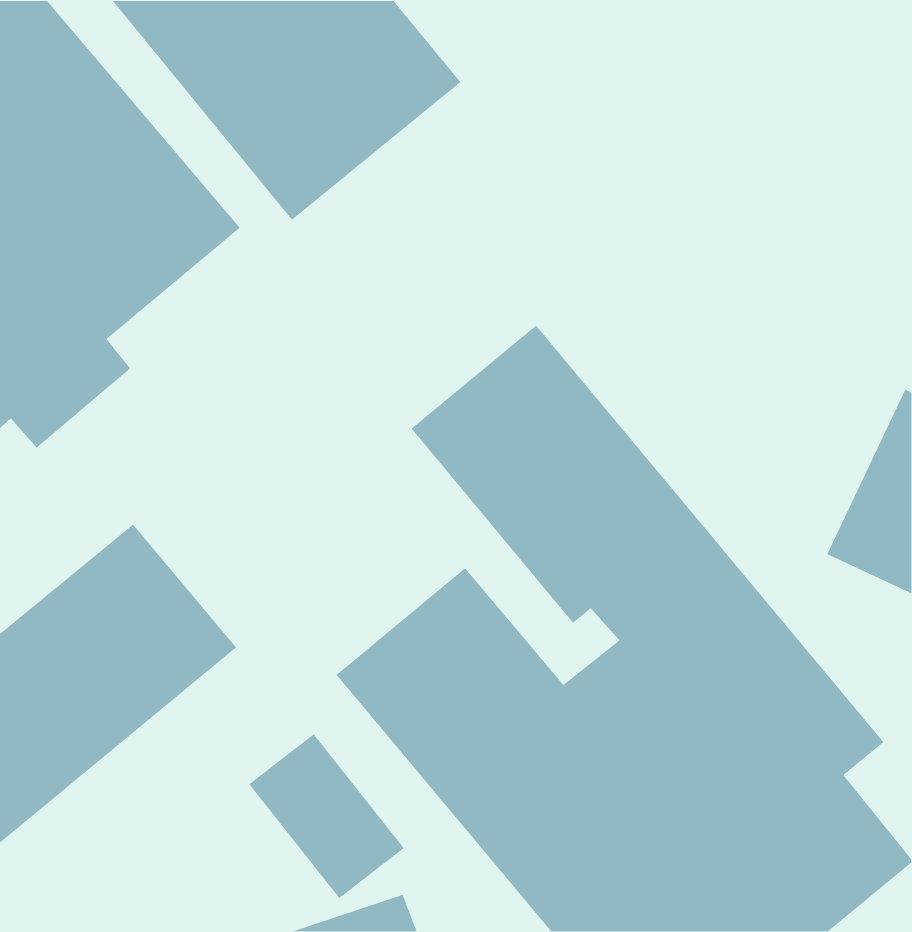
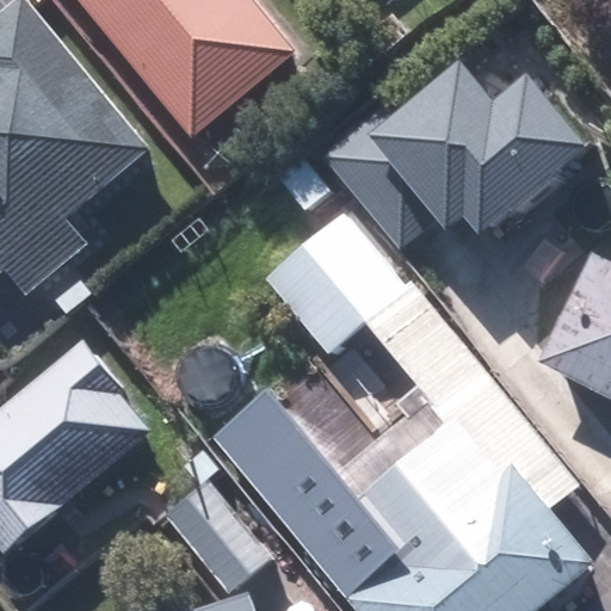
building: none -> [303,61,573,252]

